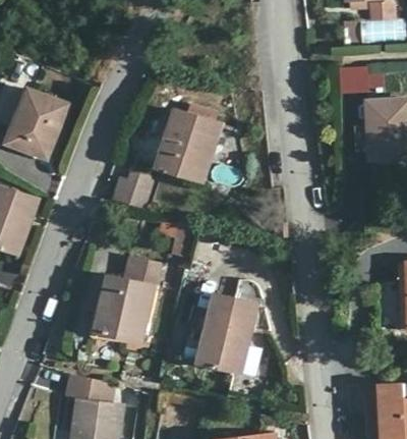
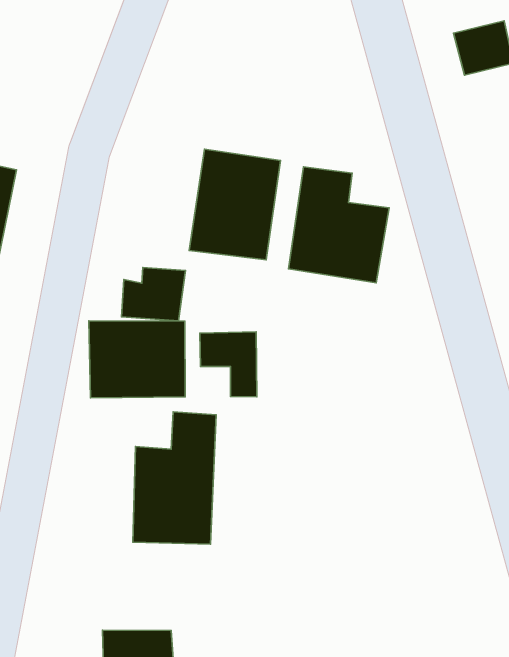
building: none -> [288,167,389,283]
building: none -> [89,321,185,398]
building: [197,292,255,372] -> none

